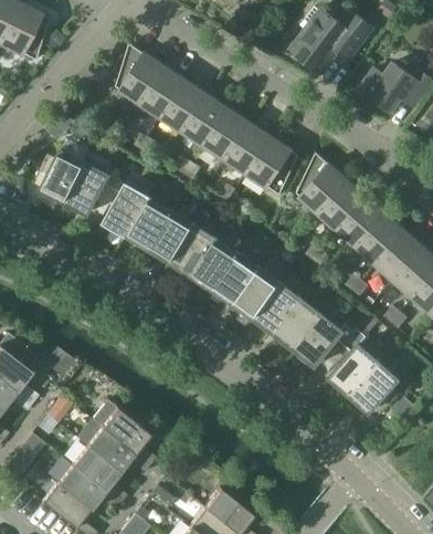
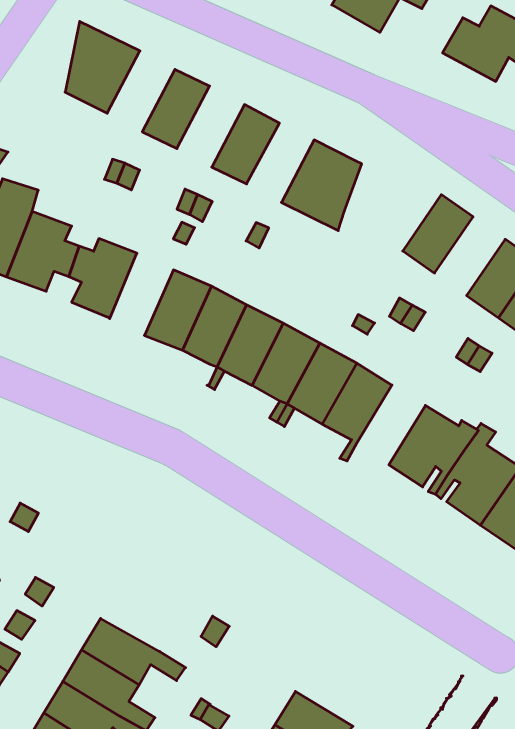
building: [139,66,186,118] -> none
building: [181,94,228,146] -> none
building: [223,123,270,174] -> none
building: [295,153,347,213] -> none
building: [126,196,170,249] -> none
building: [337,197,384,247] -> none
building: [267,299,321,349] -> none
building: [92,400,155,464] -> none

